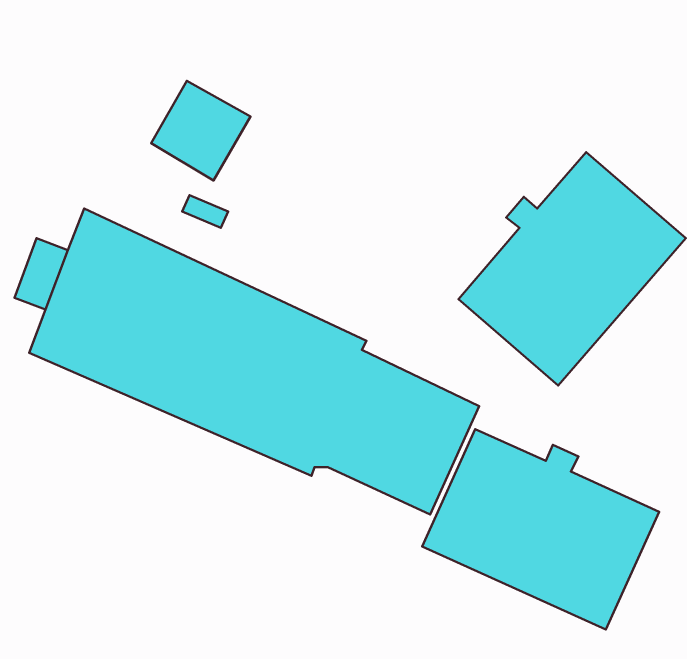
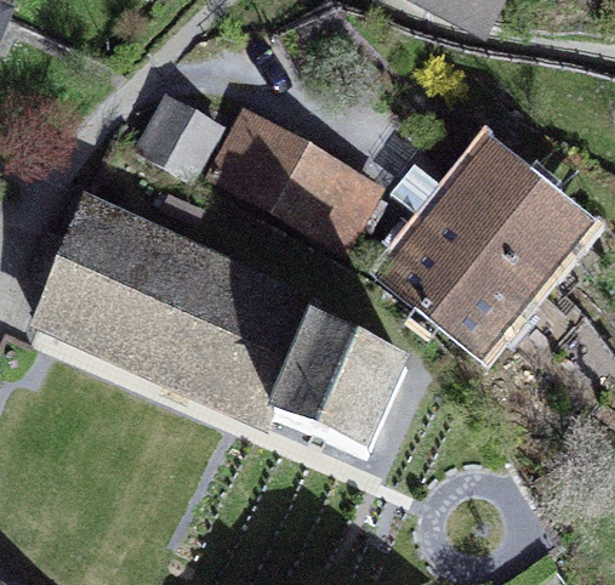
building: none -> [207,113,376,248]
building: [422,429,659,629] -> none

